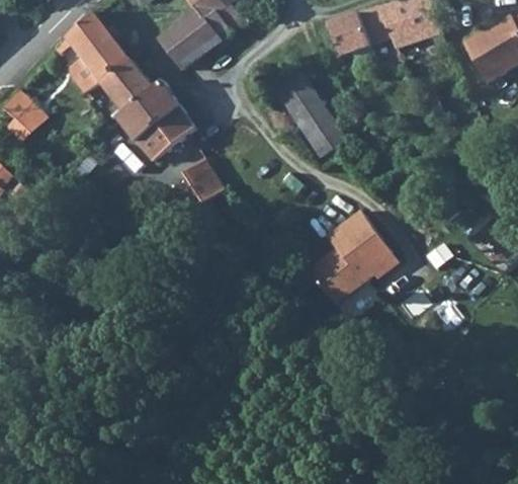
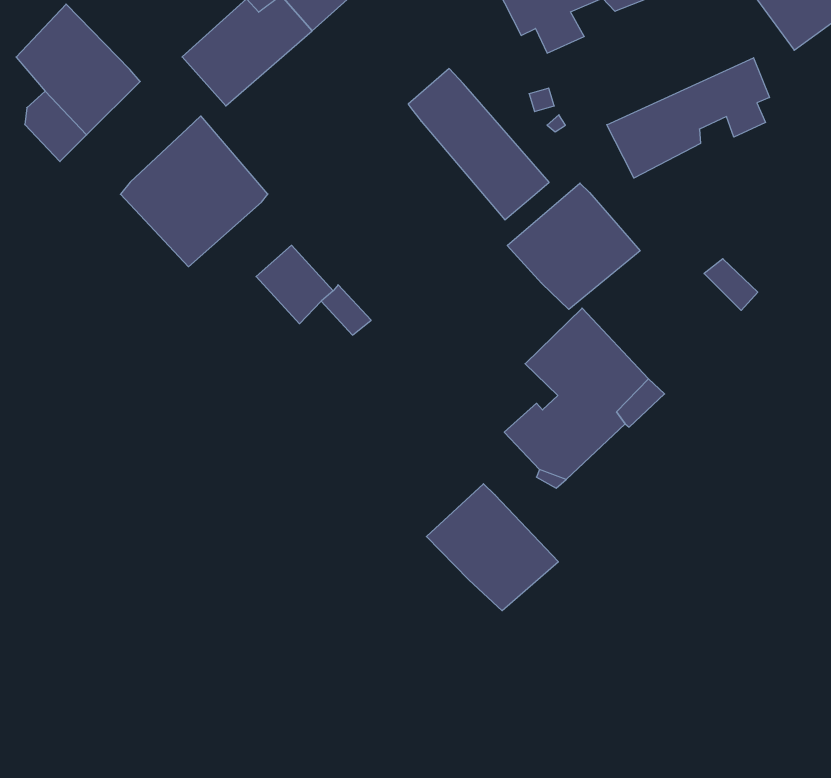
building: [96,58,152,112] -> none
building: none -> [607,58,769,178]
building: none -> [507,183,640,309]
building: none -> [426,484,558,611]

